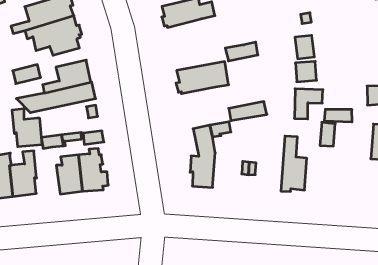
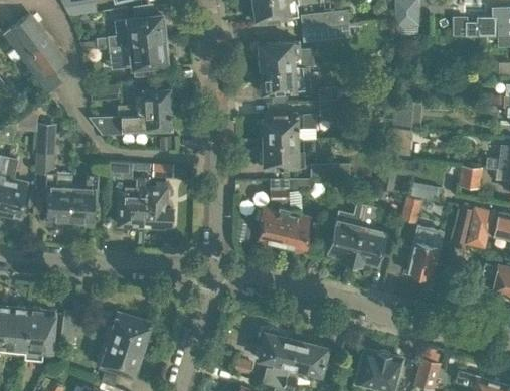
building: none -> [258,64,313,93]
building: none -> [261,140,304,169]
building: [12,109,42,147] -> none
building: none -> [329,202,365,261]
building: none -> [407,226,443,278]
building: none -> [280,209,310,251]

